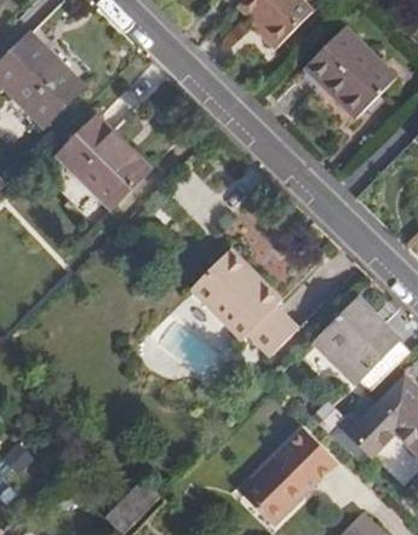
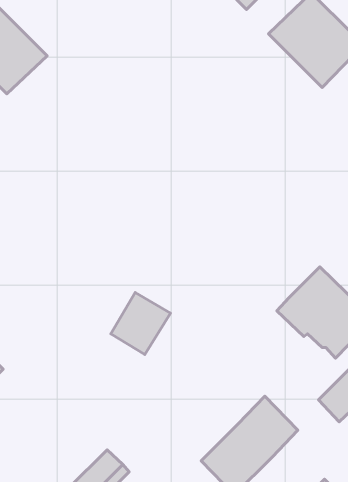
building: [57,116,148,206] -> none
building: [191,246,296,353] -> none

